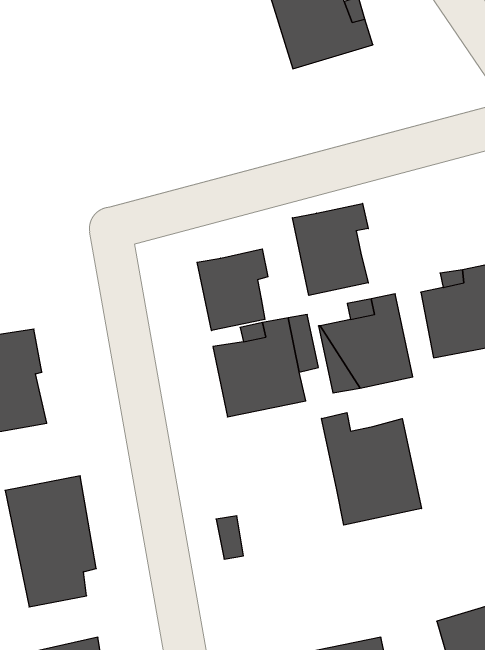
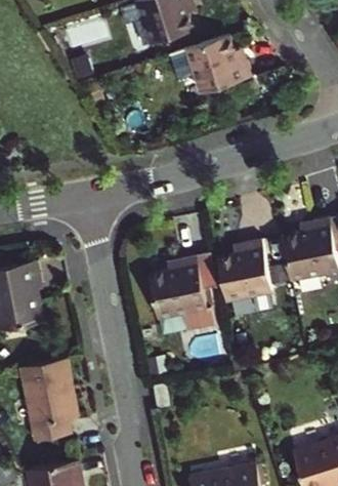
building: [292,203,368,295] -> none
building: [197,249,268,331] -> none
building: [322,413,421,525] -> none

